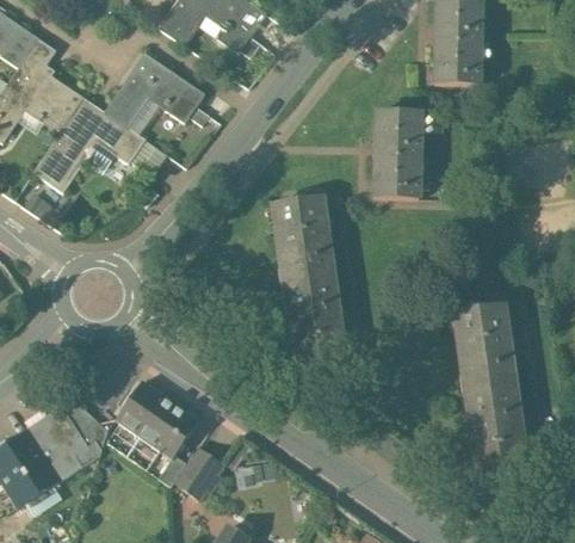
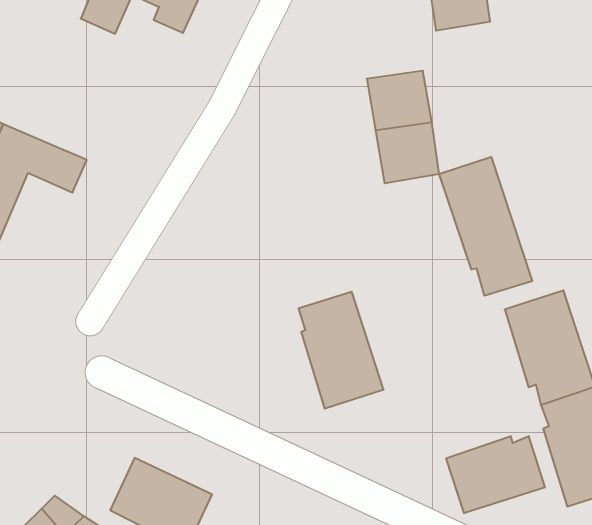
building: [104,51,204,128] -> none
building: none -> [439,157,532,296]
building: [274,196,335,284] -> none
building: none -> [446,436,545,513]

